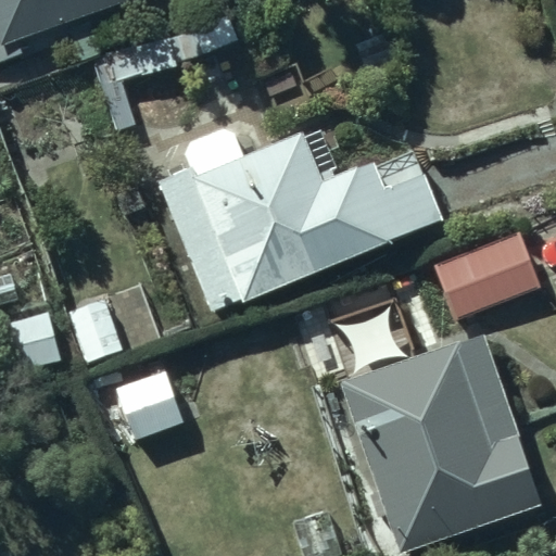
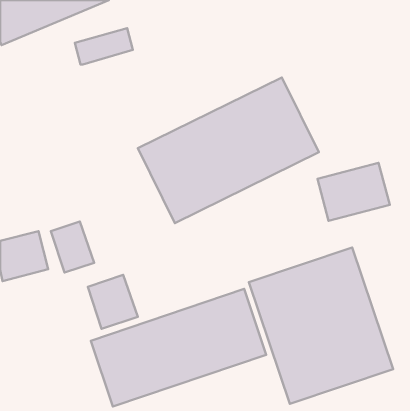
building: none -> [91,289,266,407]

